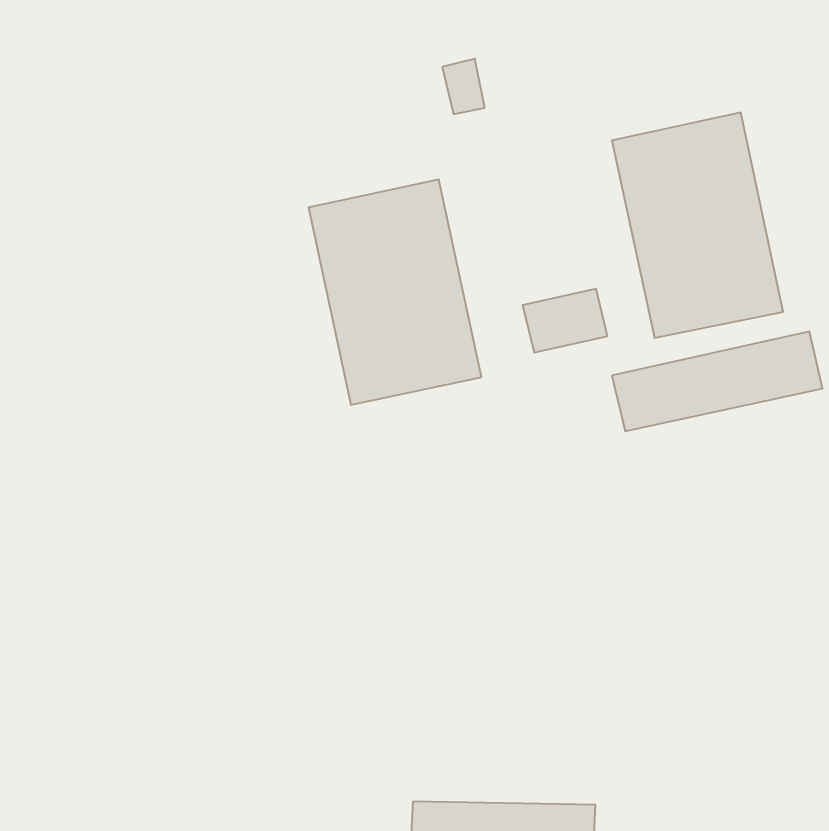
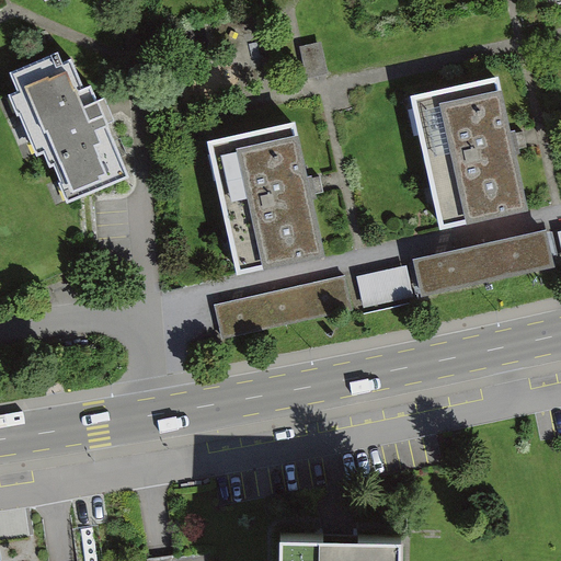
building: none -> [9,58,123,207]
building: [523,289,607,352] -> [354,265,411,308]
building: none -> [213,274,351,339]

